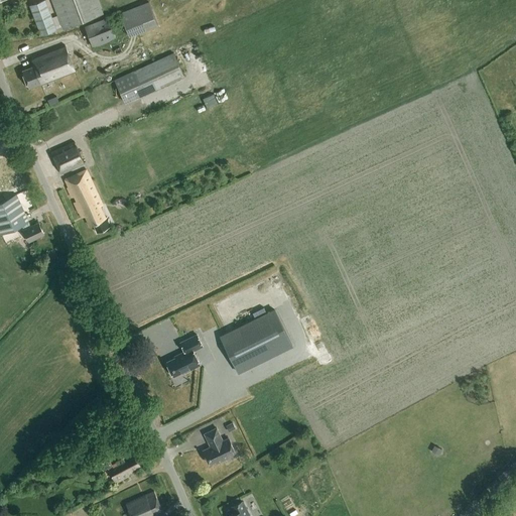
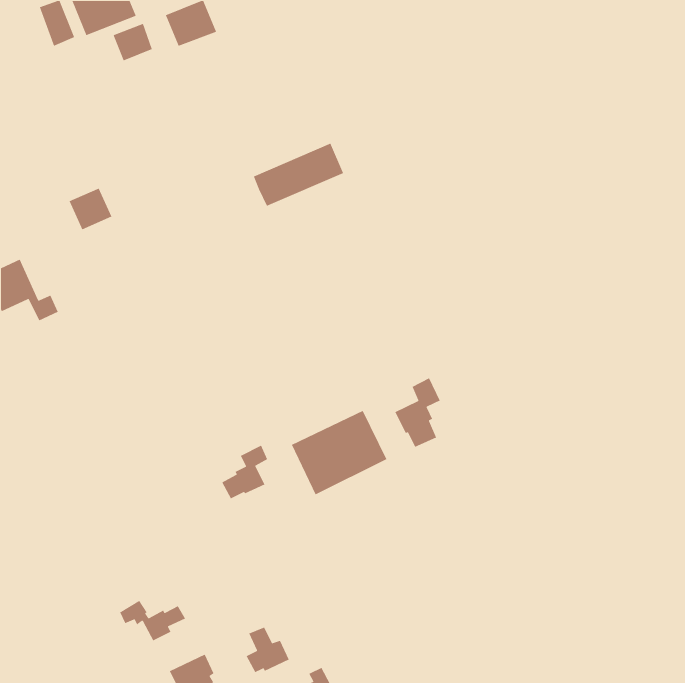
building: [22,46,76,89] -> none
building: [115,53,183,102] -> [253,143,344,207]
building: [64,170,111,233] -> none
building: none -> [394,377,441,448]
building: [203,429,236,465] -> [246,626,290,673]

